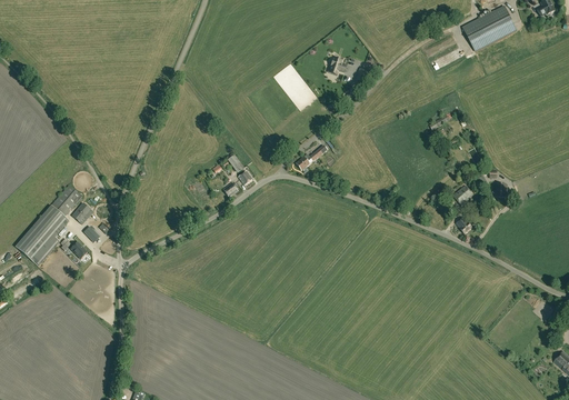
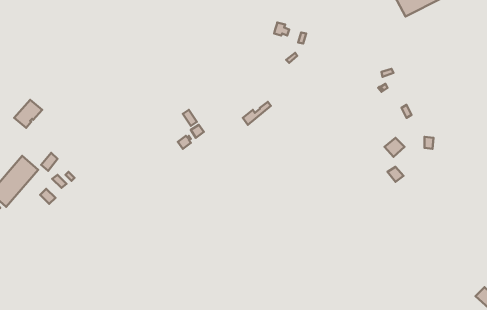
building: [51,184,82,216] -> [14,100,42,128]

